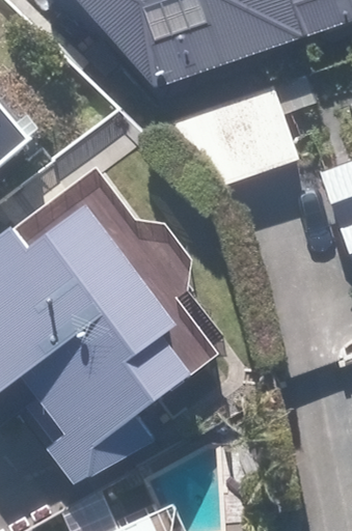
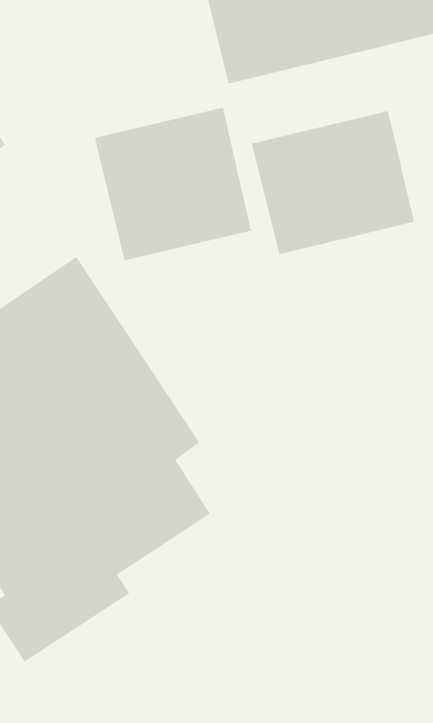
building: none -> [94,107,252,261]

